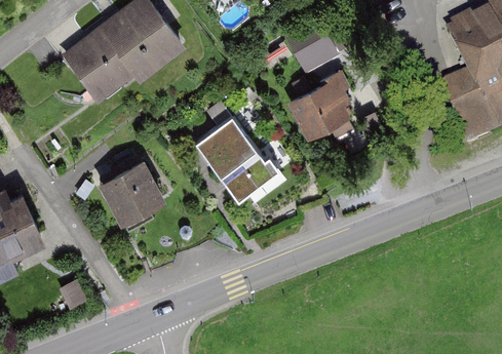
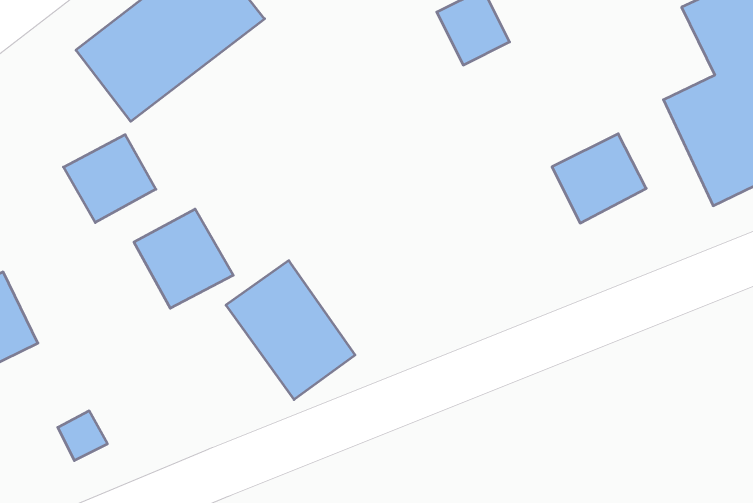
building: [296,78,354,133] -> [552,134,646,223]
building: none -> [63,135,156,223]
building: [196,112,276,198] -> [226,261,355,400]

